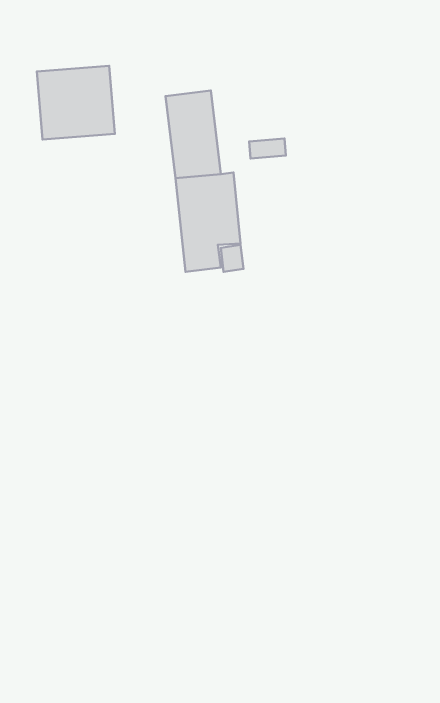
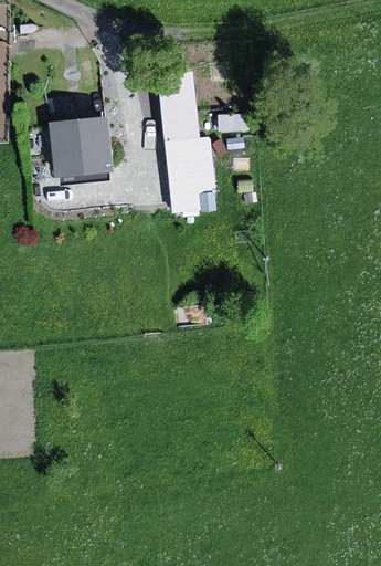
building: [37,66,115,139] -> [52,118,113,176]

